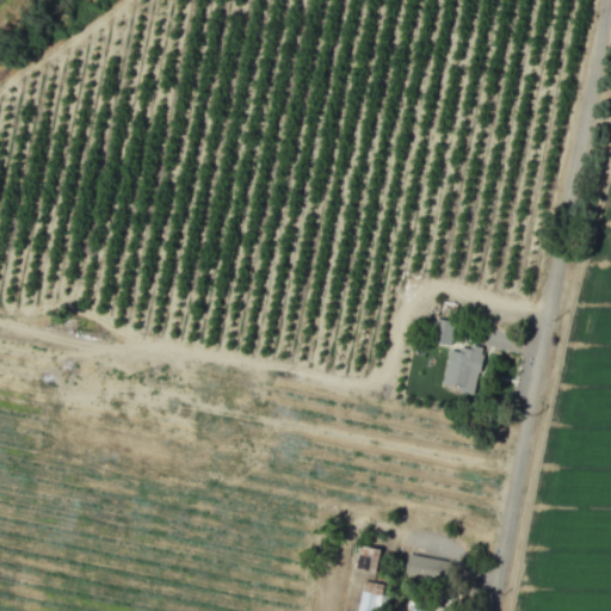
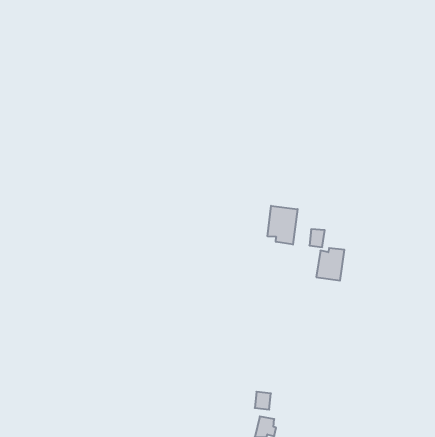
building: none -> [268,206,298,245]
building: [406,554,449,584] -> none

